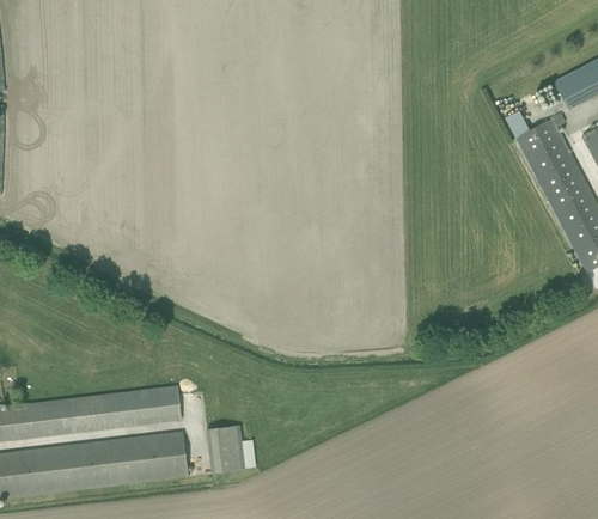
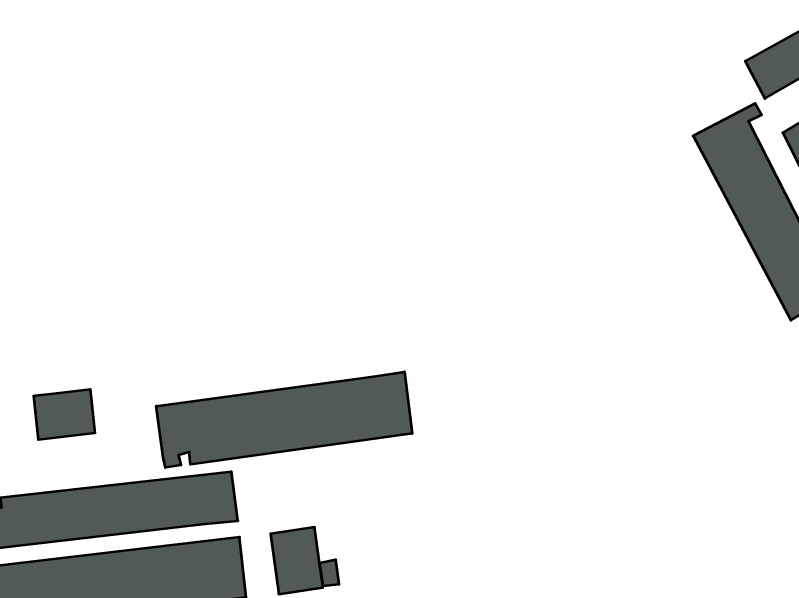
building: none -> [156,372,412,468]
building: none -> [34,389,95,440]

